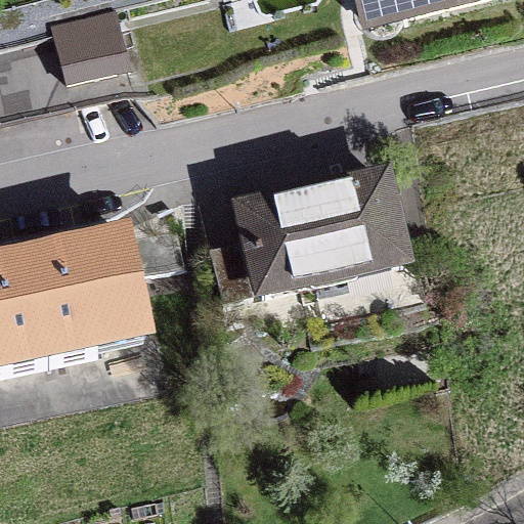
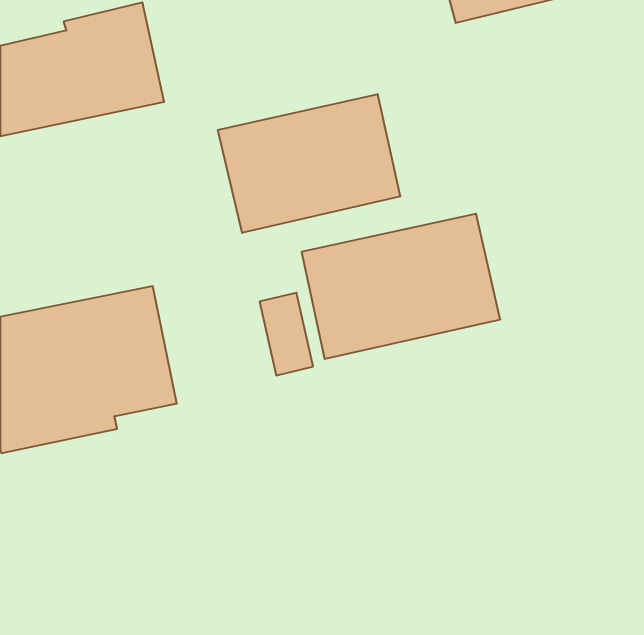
building: none -> [218,94,400,233]

